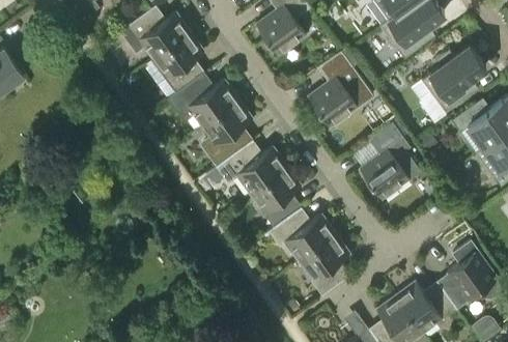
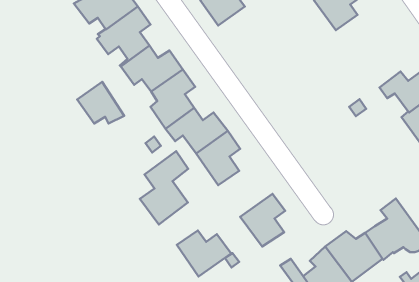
building: [418,45,485,122] -> none
building: [308,51,372,125] -> none
building: none -> [77,82,124,123]
building: [360,121,419,197] -> none
building: none -> [140,151,188,225]
building: [276,211,335,261] -> [177,230,231,276]

